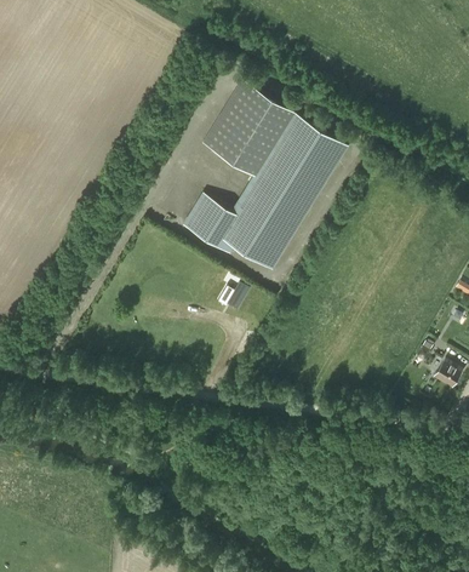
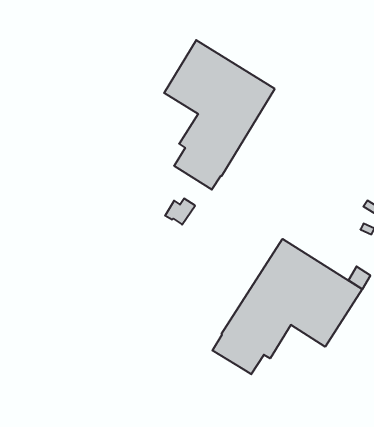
building: [183,194,238,252] -> none
building: none -> [212,239,362,374]

